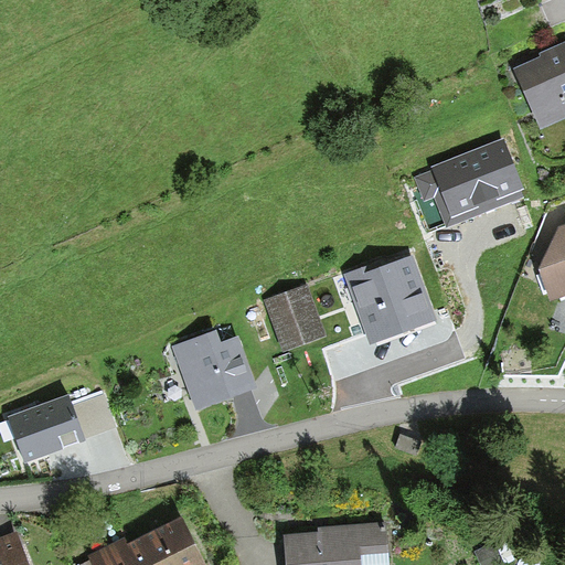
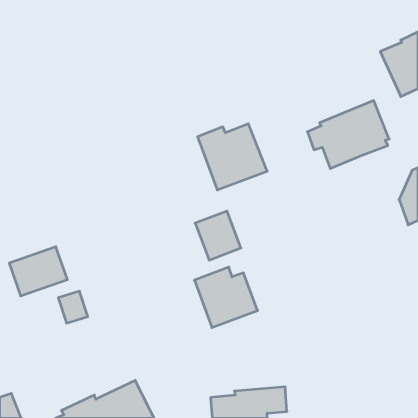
building: [343,255,437,344] -> [198,124,267,190]
building: [171,328,256,409] -> [194,267,258,328]
building: [7,395,85,461] -> [9,247,67,296]

